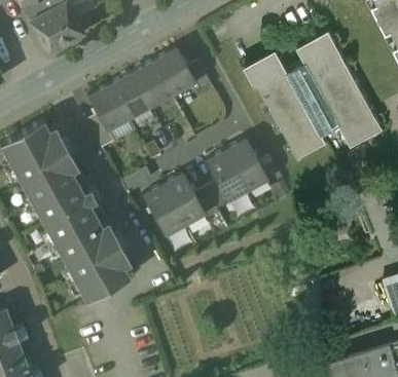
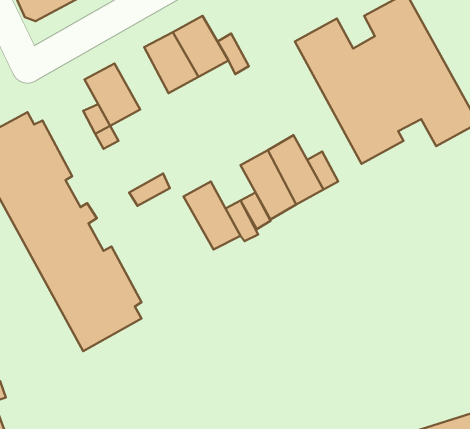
building: [108,72,149,119] -> none
building: [141,185,183,236] -> none

